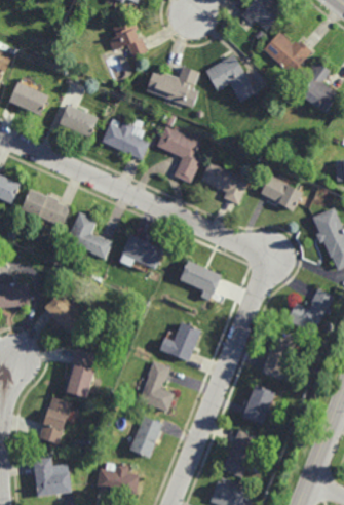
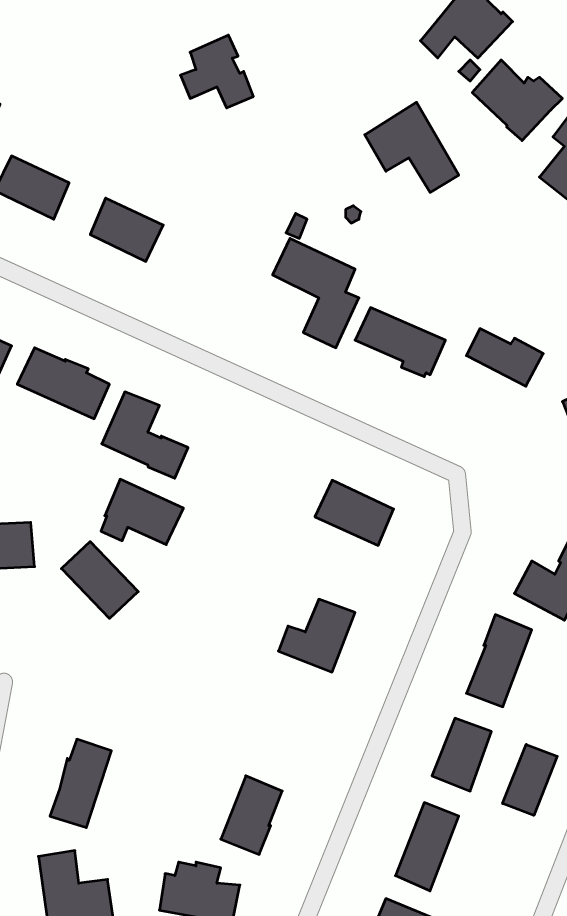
building: [146,68,199,110] -> none
building: [102,121,150,162] -> none
building: [120,232,164,267] -> [101,479,183,545]
building: [64,348,94,396] -> none
building: [140,360,176,412] -> none
building: none -> [503,744,557,815]

